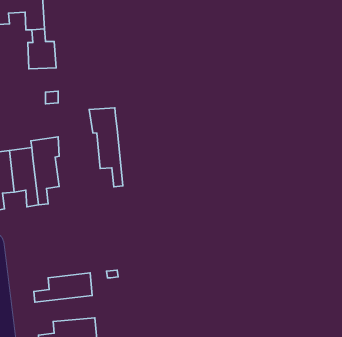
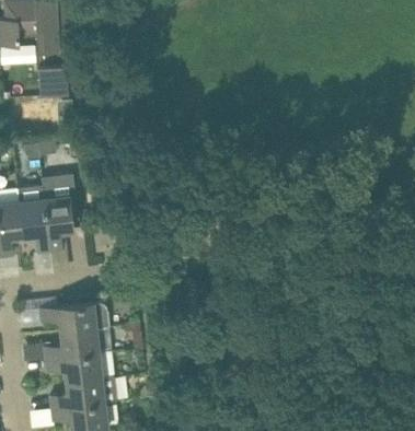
building: [89,108,123,187] -> none
building: none -> [41,302,108,333]
building: none -> [46,352,114,382]

